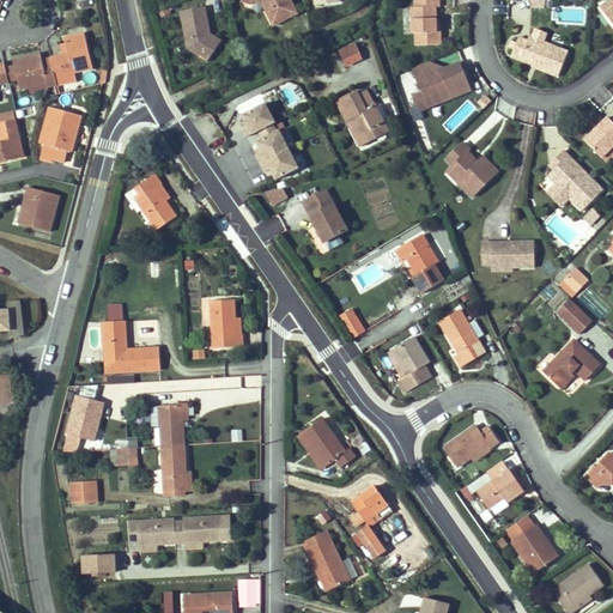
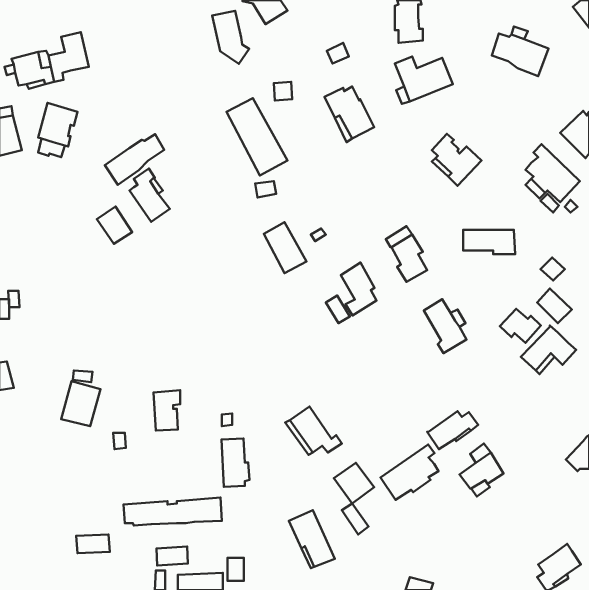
building: [176,10,214,65] -> [212,11,249,64]
building: none -> [105,134,164,185]
building: [17,188,59,232] -> none
building: [301,188,345,241] -> [264,222,306,273]
building: none -> [97,206,132,244]
building: [211,301,242,348] -> none
building: none -> [500,309,541,343]
building: [102,322,160,372] -> none
building: [393,338,430,393] -> [341,262,377,316]
building: [162,445,190,496] -> [222,438,249,487]
building: none -> [380,444,439,500]
building: [72,481,97,504] -> none
building: [511,527,557,572] -> none
building: none -> [157,547,188,565]

